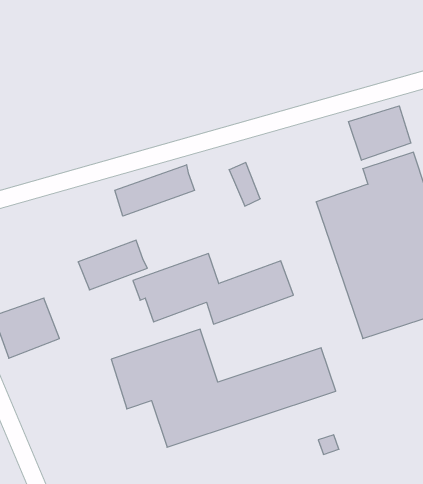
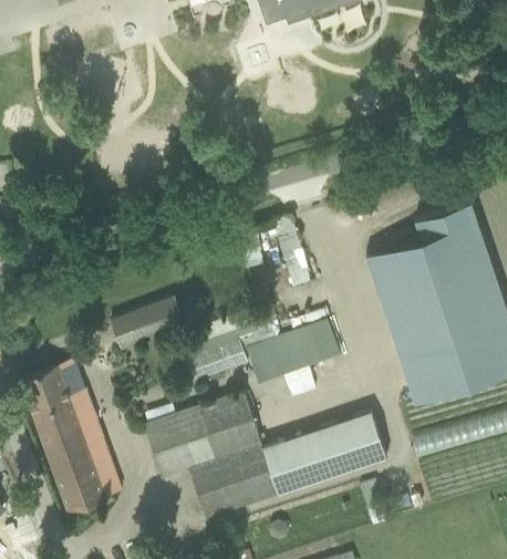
building: [349,106,411,160] -> none
building: [115,165,195,216] -> none
building: none -> [37,402,122,509]

